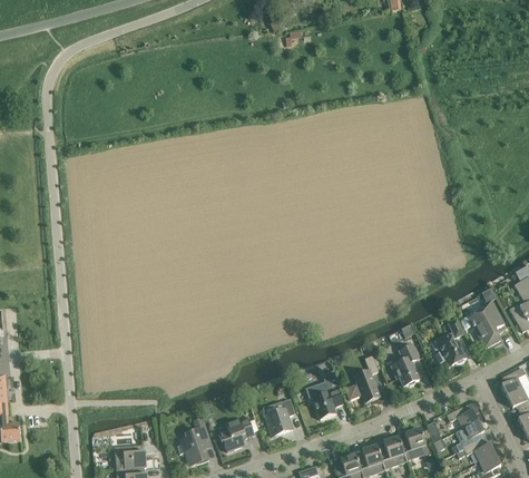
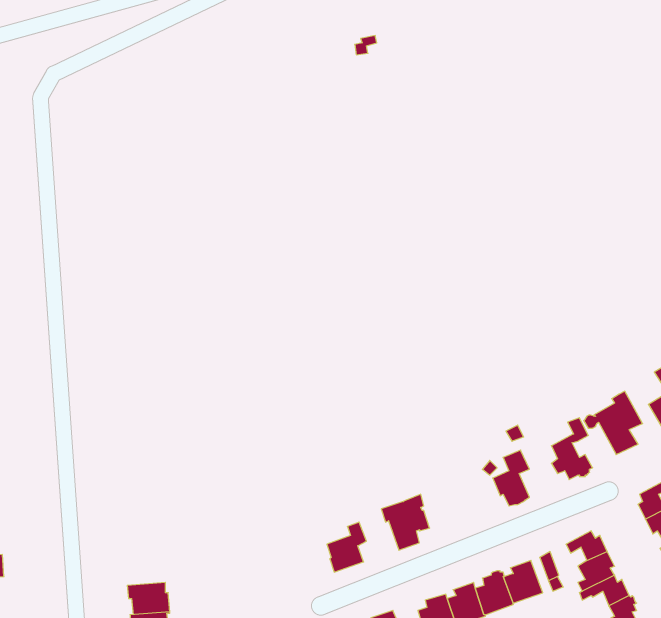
building: [345,354,380,402] -> none
building: [177,417,210,464] -> none
building: [218,417,254,450] -> none

